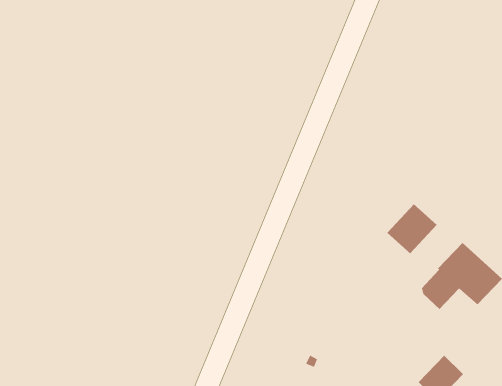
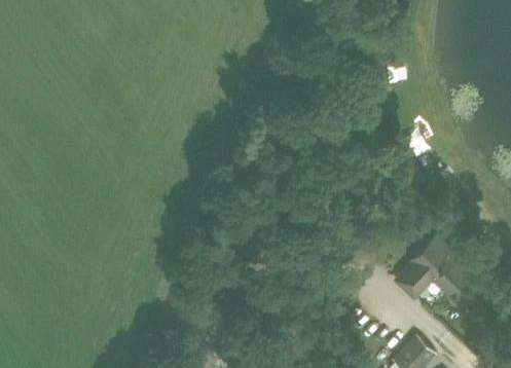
building: [386,203,438,254] -> none

